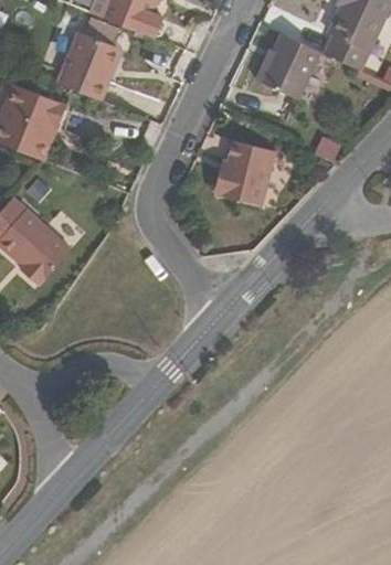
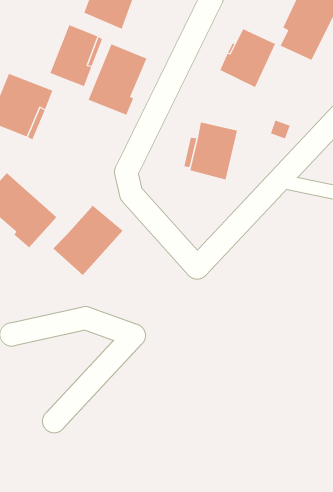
building: none -> [88,44,147,116]
building: none -> [53,205,123,276]

